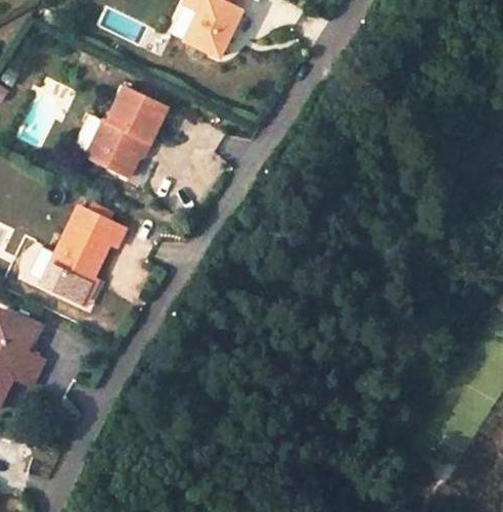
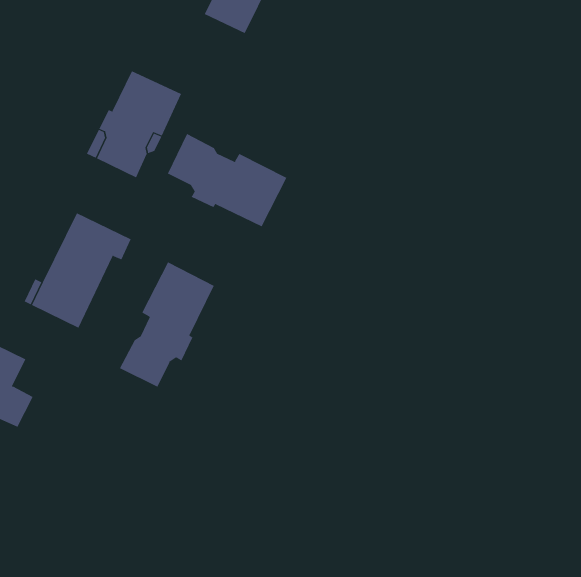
building: none -> [167,133,287,227]
building: none -> [119,261,214,387]

